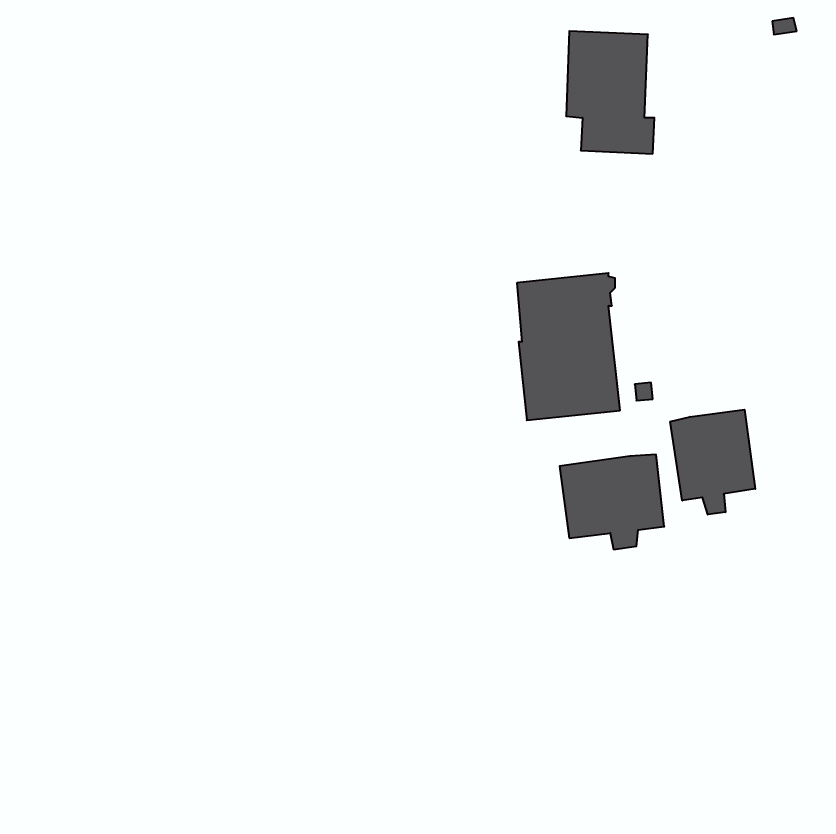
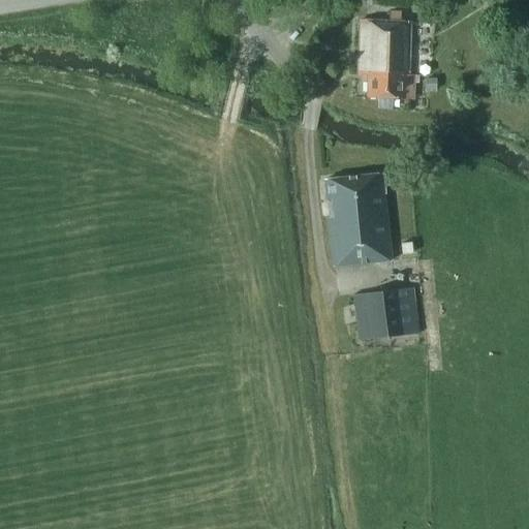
building: [670,410,755,515] -> none

